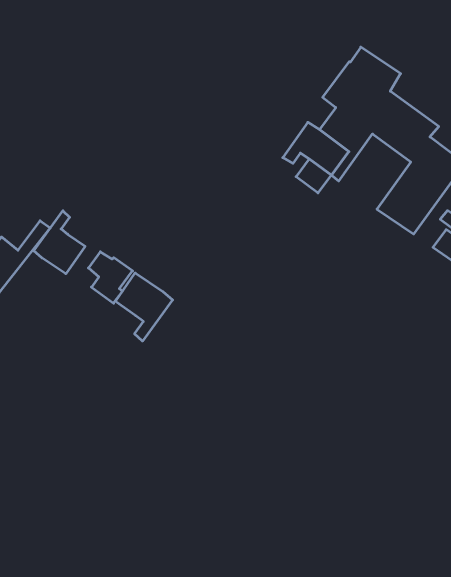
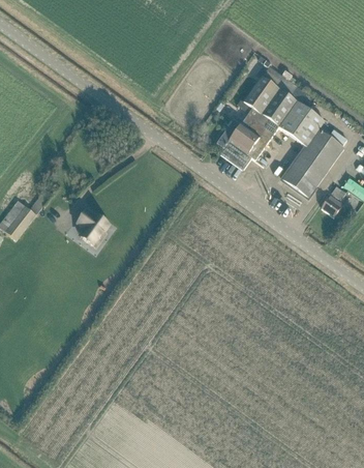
building: [34,211,85,274] -> none
building: [115,273,173,341] -> none

